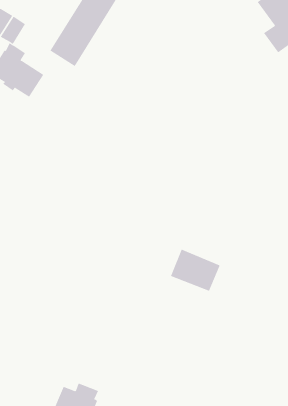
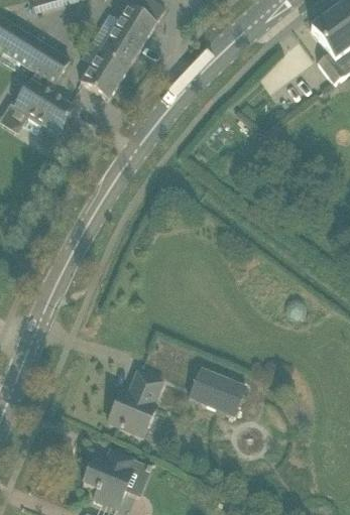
building: none -> [39,51,69,85]
building: [170,249,220,292] -> [190,367,245,414]
building: none -> [107,371,161,436]

